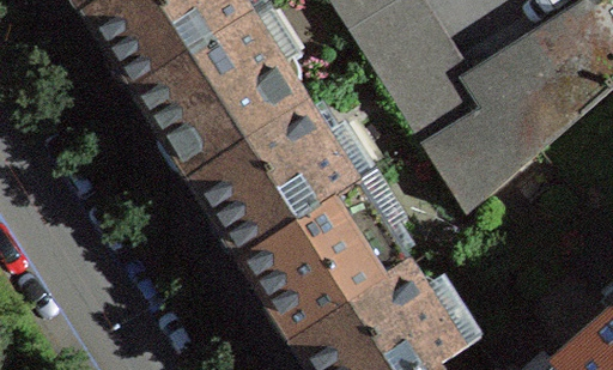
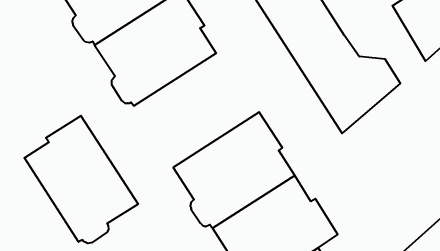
building: [192,102,359,255] -> none
building: none -> [24,116,138,243]

